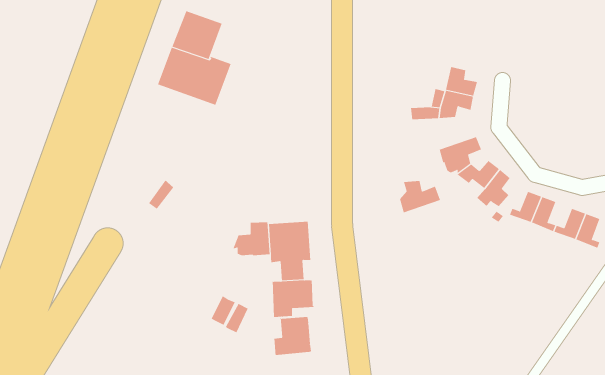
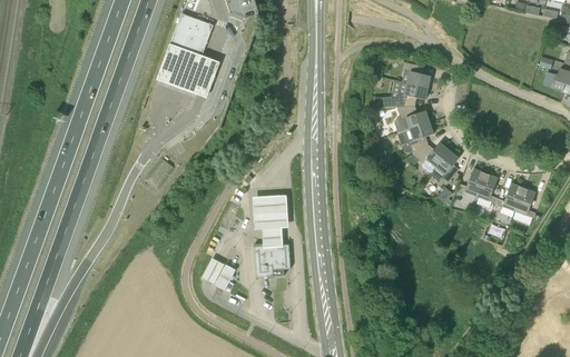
building: [399,181,441,213] -> [394,106,430,133]
building: [232,221,270,256] -> none
building: [274,316,313,356] -> none

